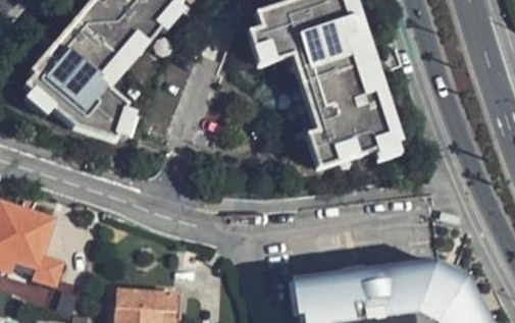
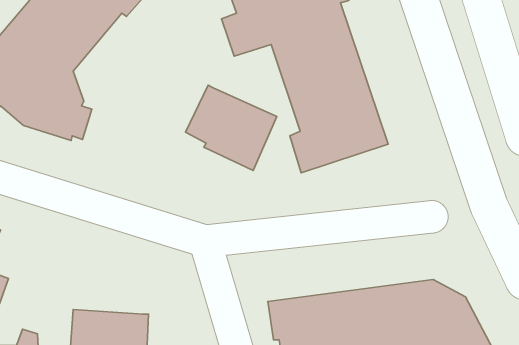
building: none -> [186,85,277,171]

